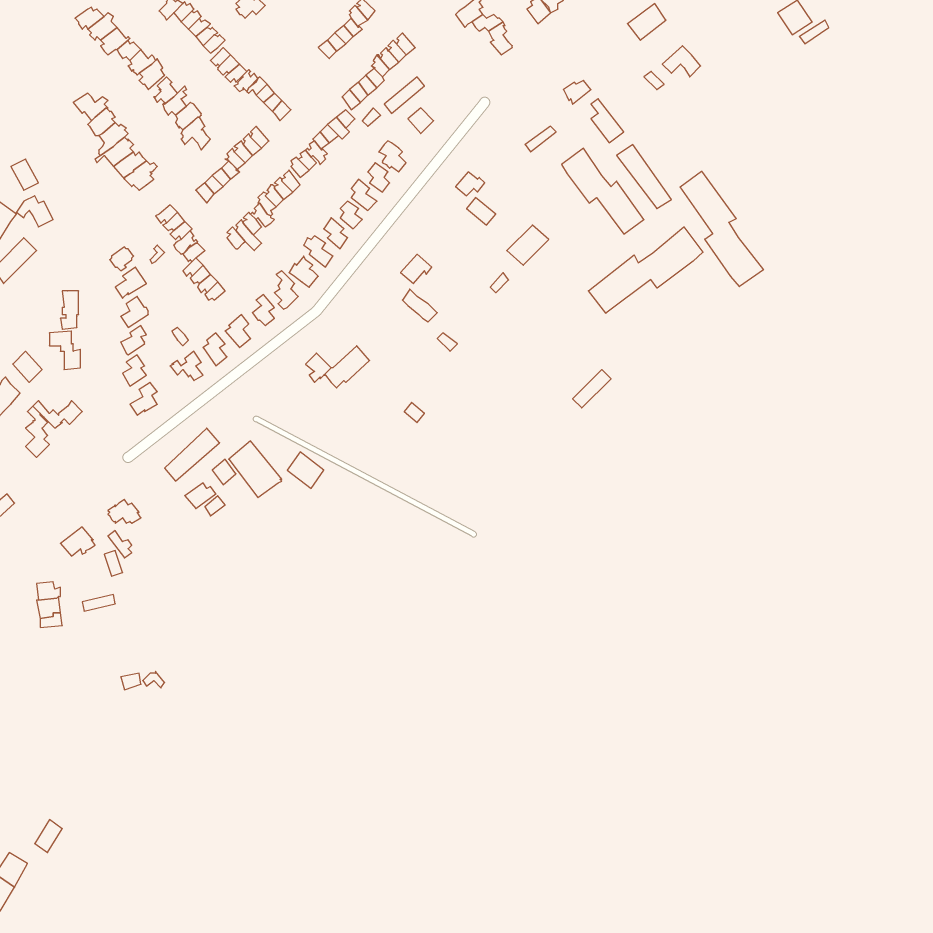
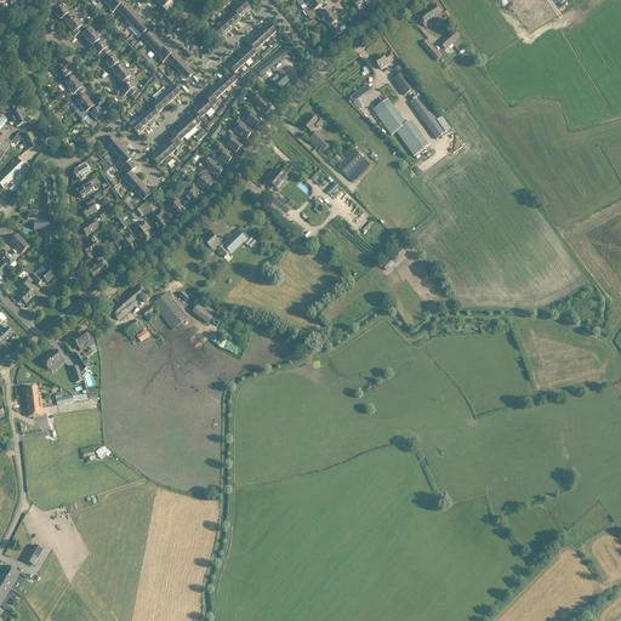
building: [680,171,763,287] -> none
building: [588,227,703,313] -> none

